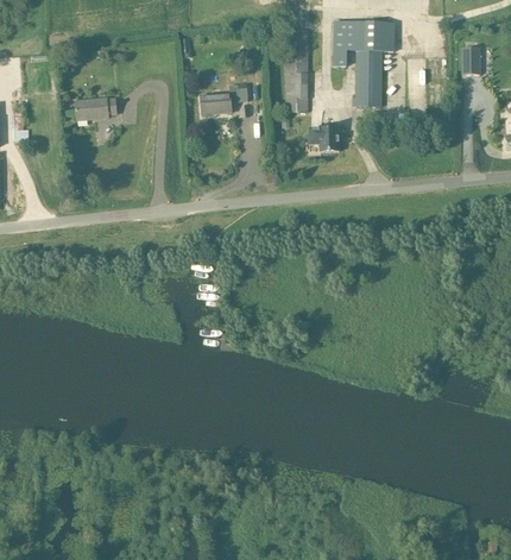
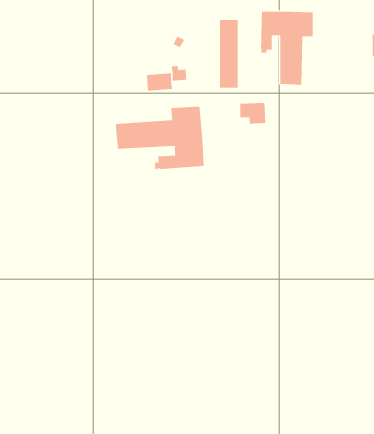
building: [75,97,116,120] -> none
building: none -> [115,106,204,170]

